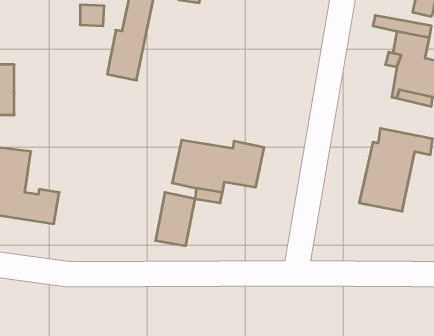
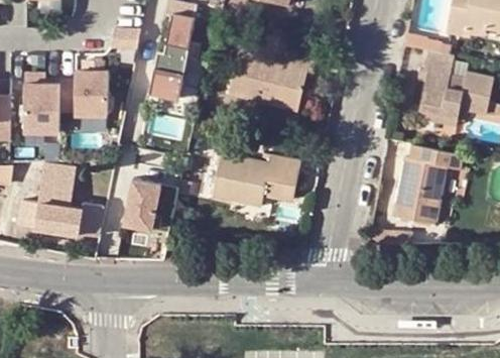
building: none -> [228,49,318,111]
building: none -> [59,71,108,116]
building: [155,192,195,246] -> [123,180,161,231]

